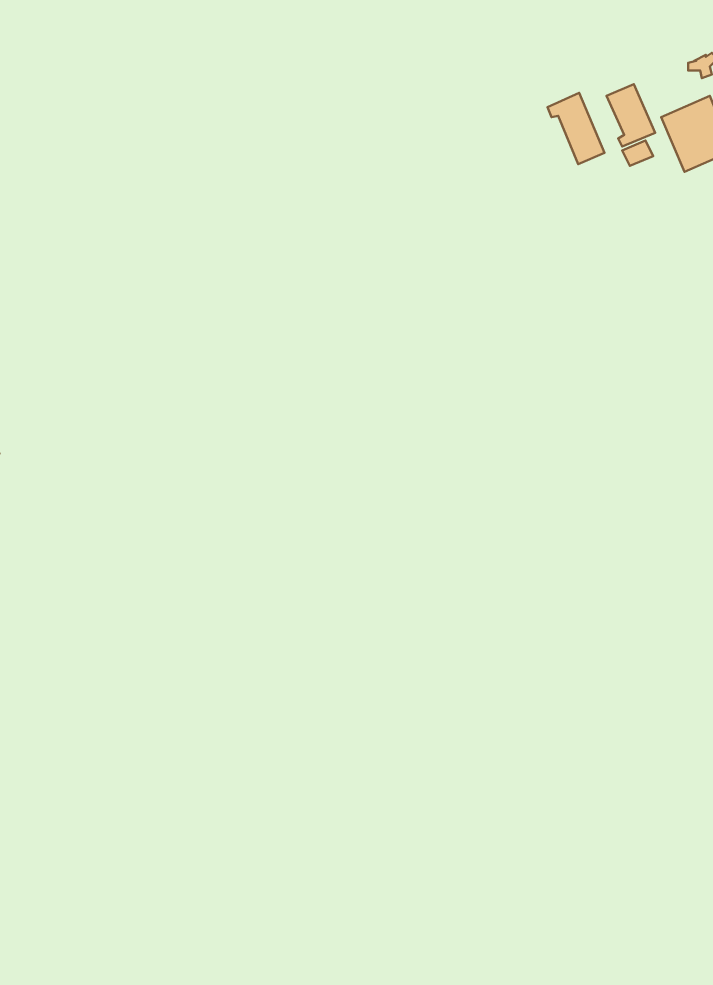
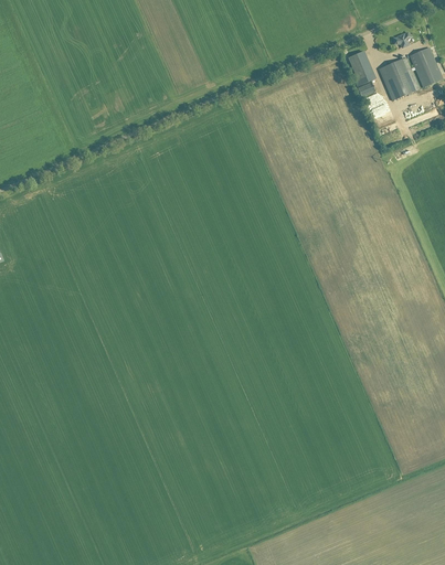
building: [548,93,604,164] -> none

